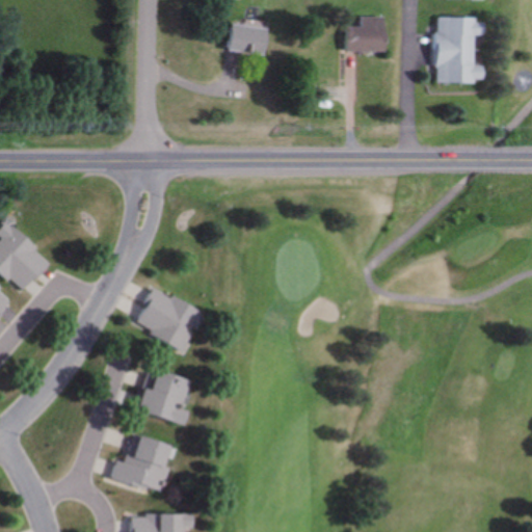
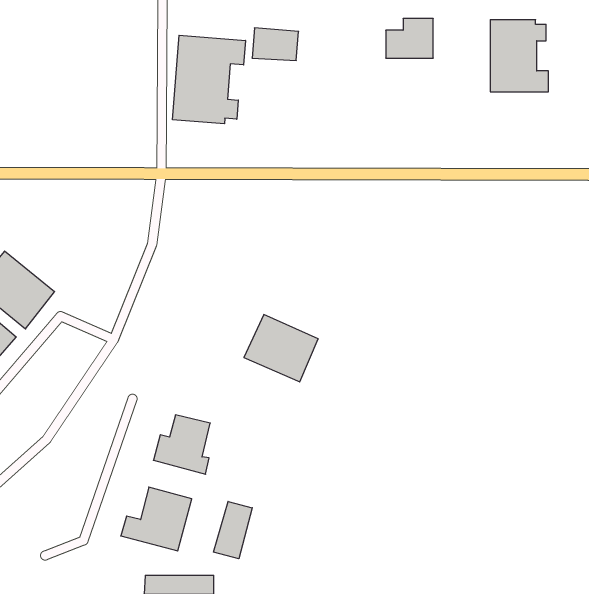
building: none -> [173,35,245,124]
building: [132,289,198,349] -> [244,315,318,382]
building: none -> [214,501,252,559]

